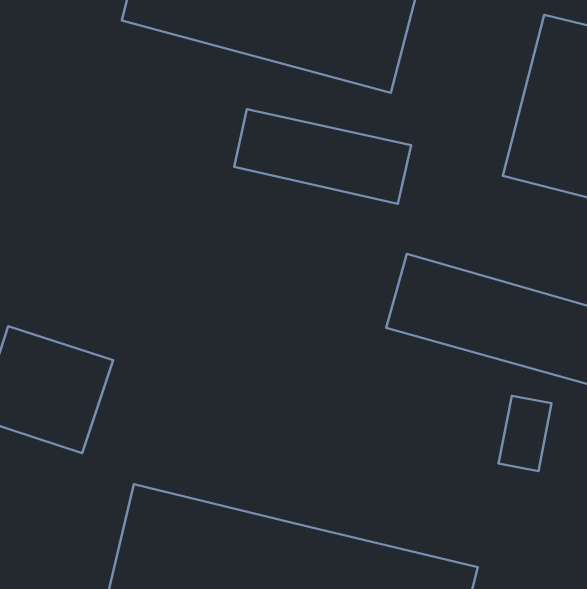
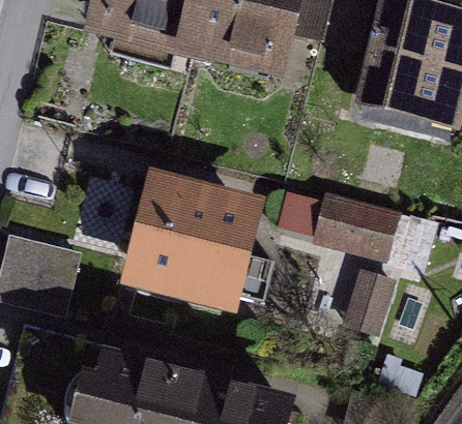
building: [234,109,411,204] -> none
building: none -> [126,175,259,305]

